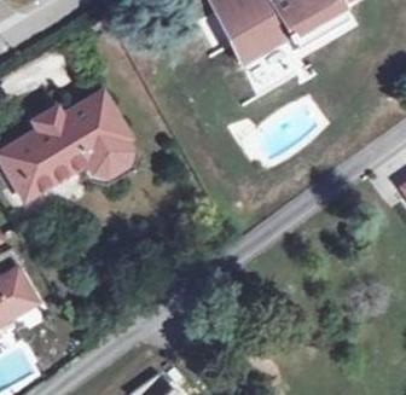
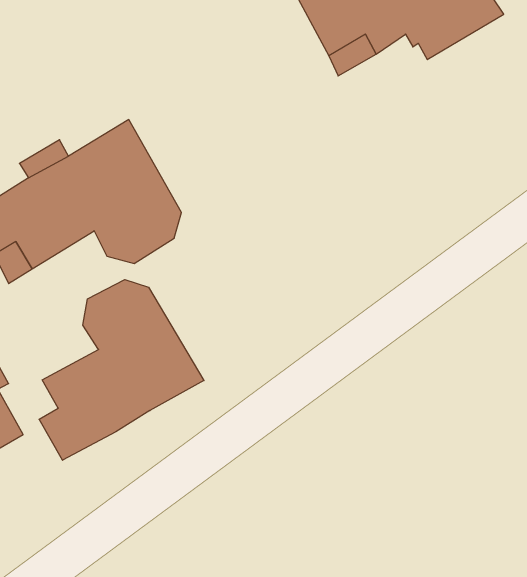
building: none -> [39,280,204,460]

